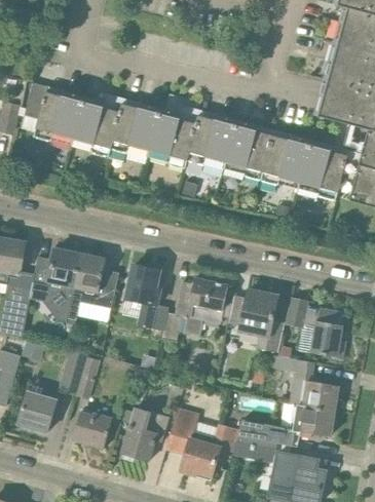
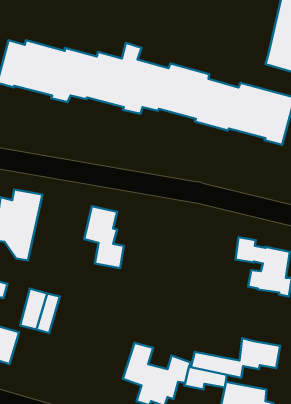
building: [67,253,119,319] -> none
building: [162,277,227,341] -> none
building: [226,289,285,352] -> none
building: [275,356,338,413] -> none
building: [121,408,168,461] -> none
building: [73,411,112,449] -> none

